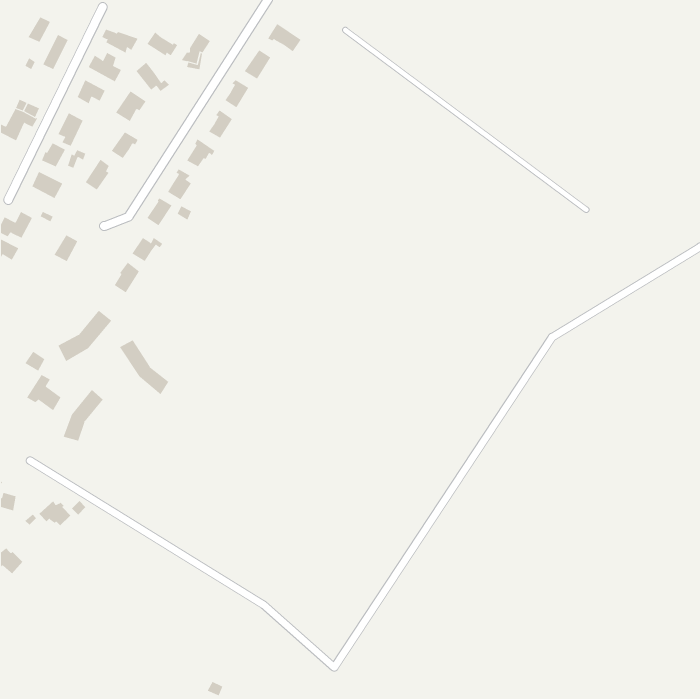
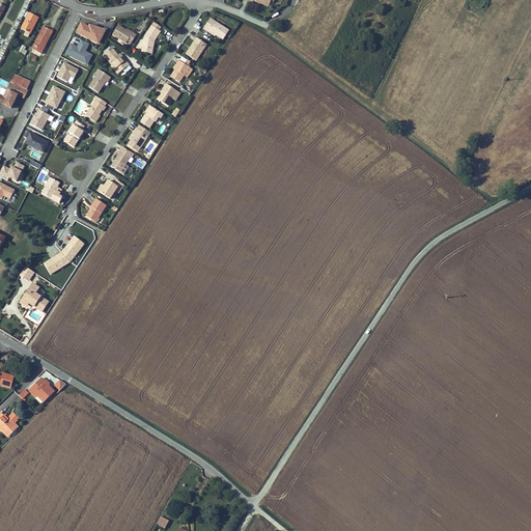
building: [119,339,169,395] -> none
building: [63,389,104,442] -> none

